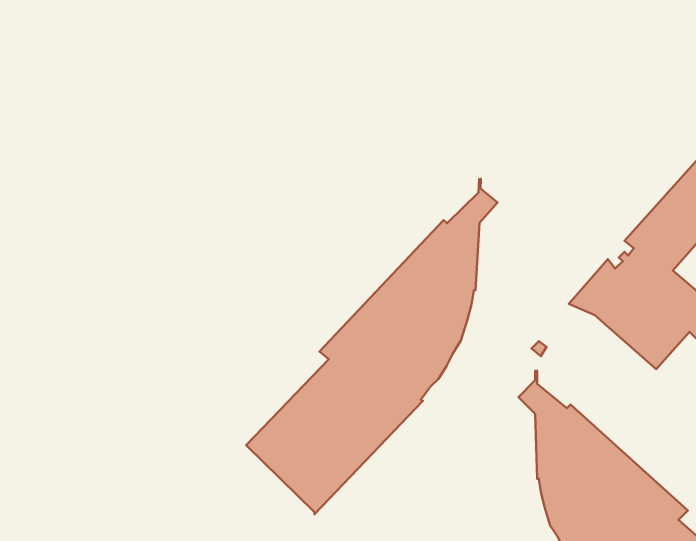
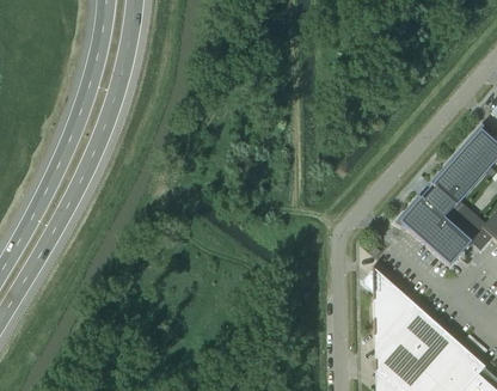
building: [246,179,497,514] -> none

